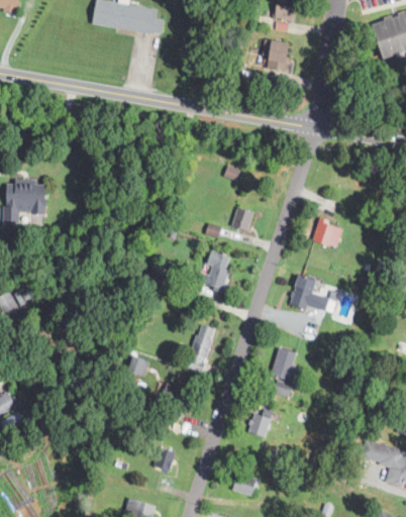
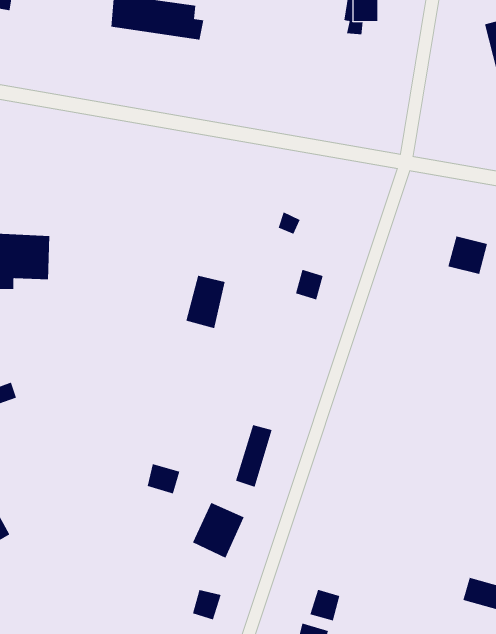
building: [265,41,289,71] -> none
building: [312,218,342,247] -> [448,236,488,275]
building: [201,251,231,292] -> [185,275,226,329]
building: [290,274,329,313] -> none
building: [269,347,300,397] -> none
building: [246,413,270,437] -> [309,589,340,621]

